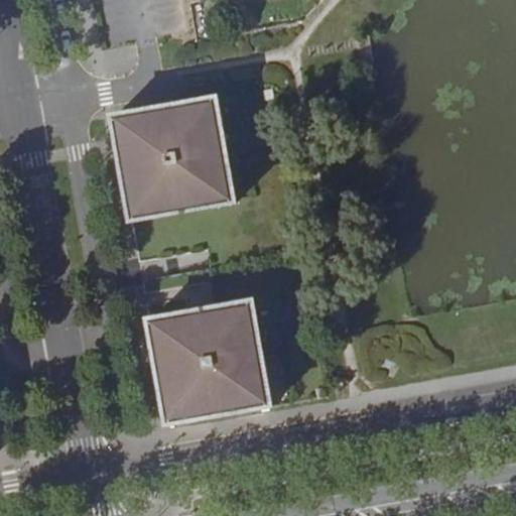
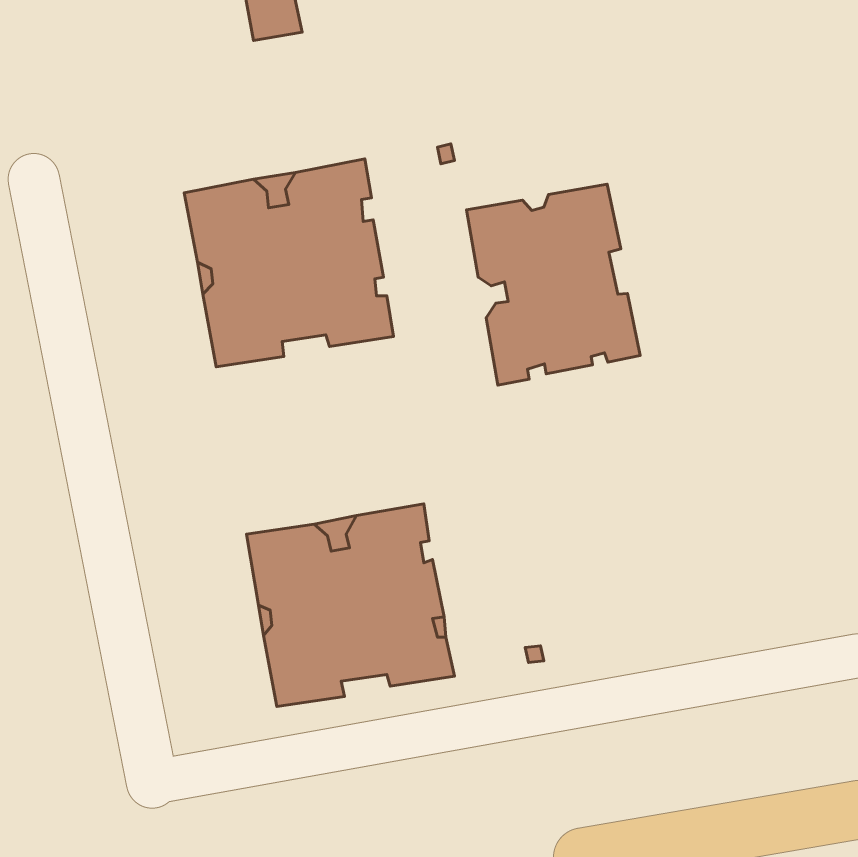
building: none -> [466,184,640,385]

